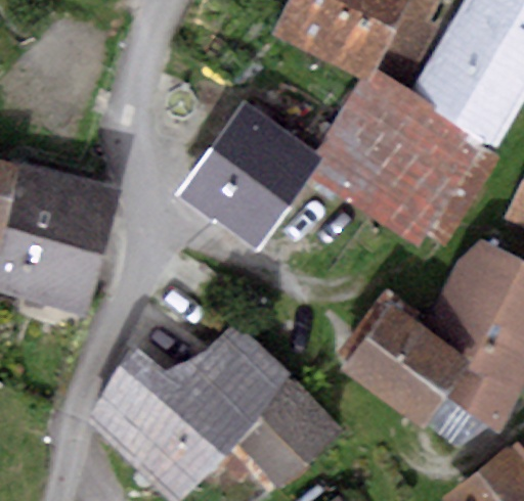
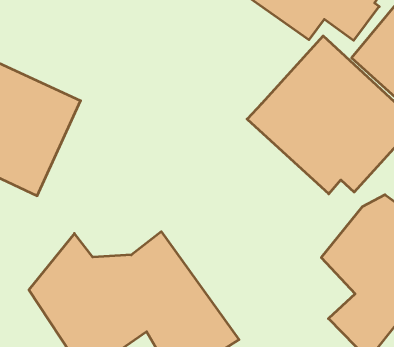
building: [176,101,322,249] -> none
building: [341,288,468,423] -> none

